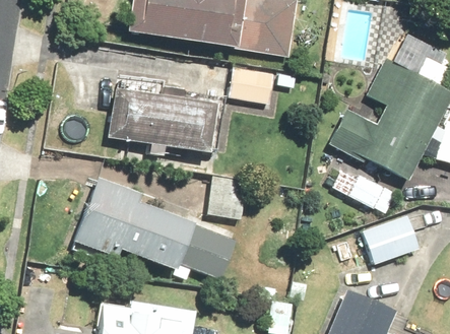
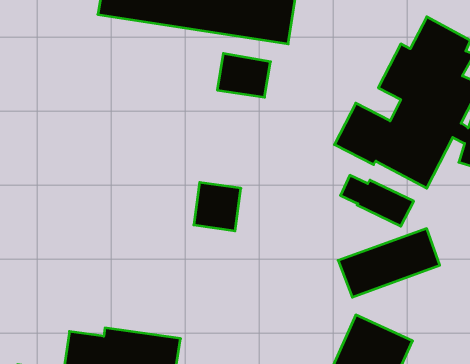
building: [108,85,215,155] -> none
building: [73,177,236,278] -> none

